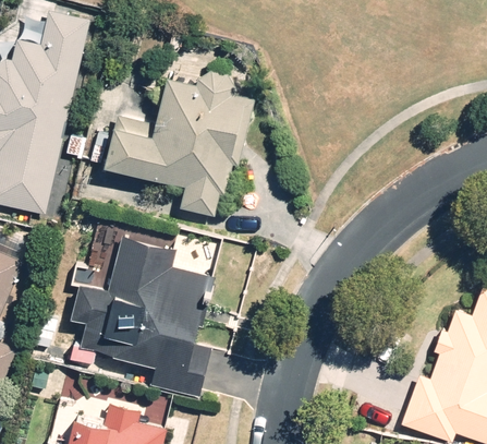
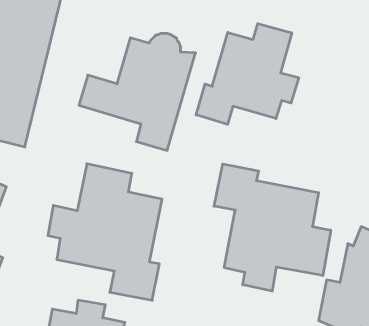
building: none -> [196,24,299,124]
building: none -> [214,164,331,291]

